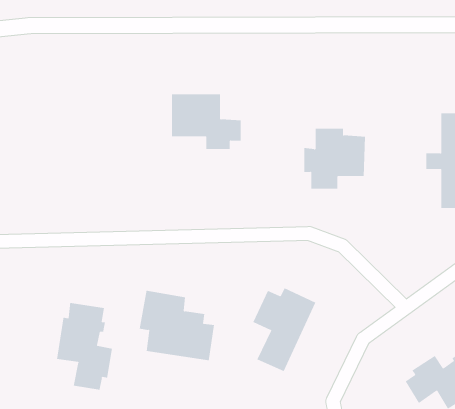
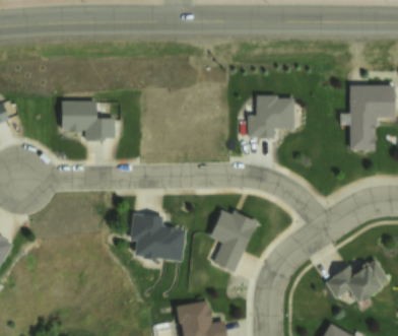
building: [171,94,242,149] -> [61,102,113,142]
building: [56,302,113,390] -> none

